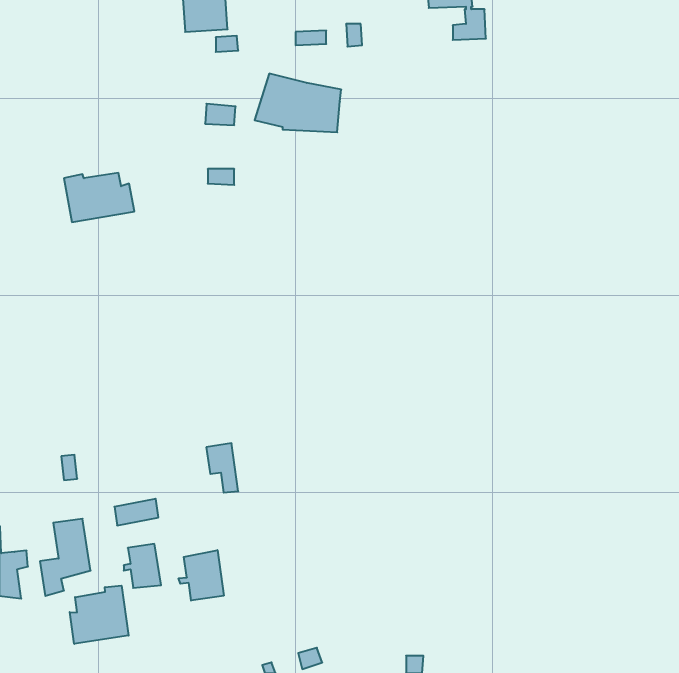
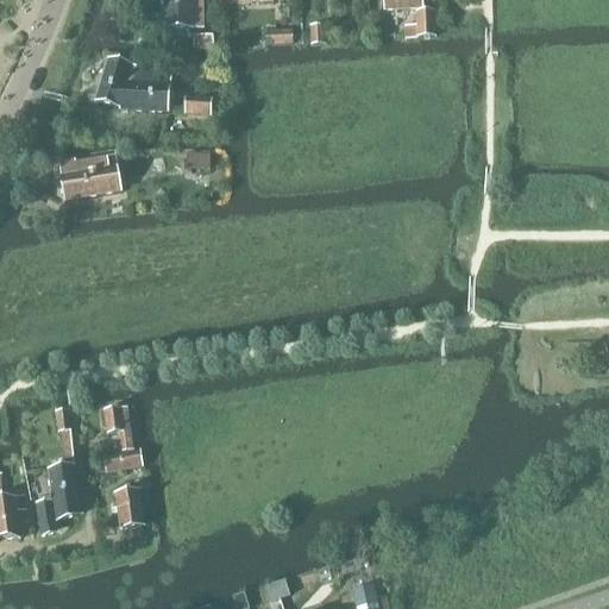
building: [255,74,341,132] -> [94,57,171,109]
building: [206,443,238,493] -> [103,404,132,448]
building: [179,550,224,601] -> none
building: [70,586,129,644] -> none

